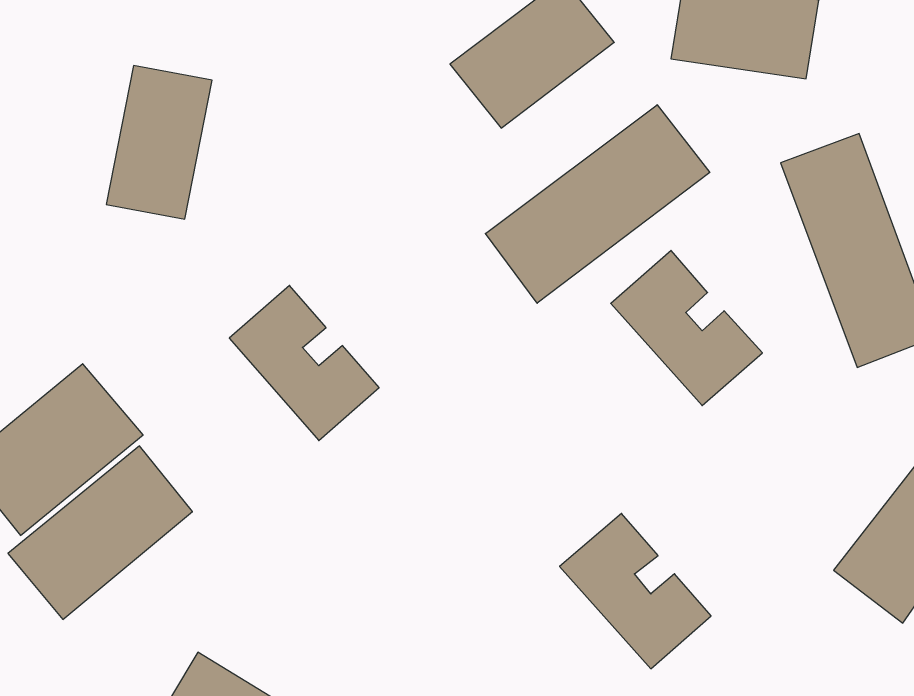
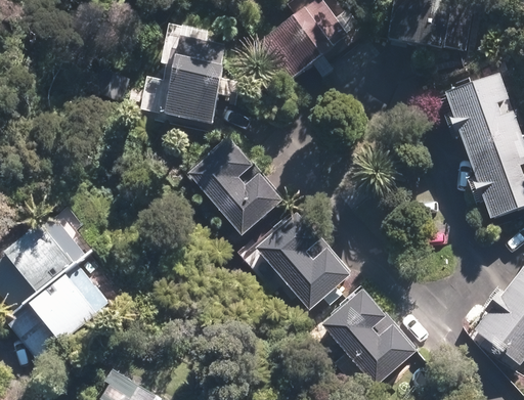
building: [106,66,212,219] -> [164,39,223,125]
building: [485,105,710,303] -> none
building: [611,250,762,406] -> [259,217,344,304]
building: [229,285,379,441] -> [191,142,275,229]

